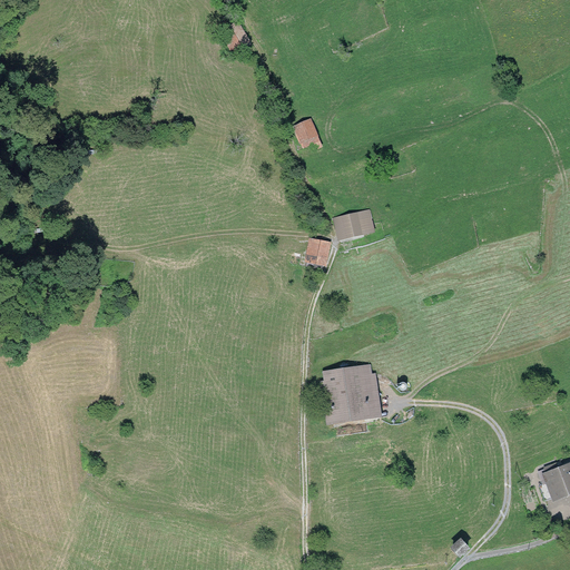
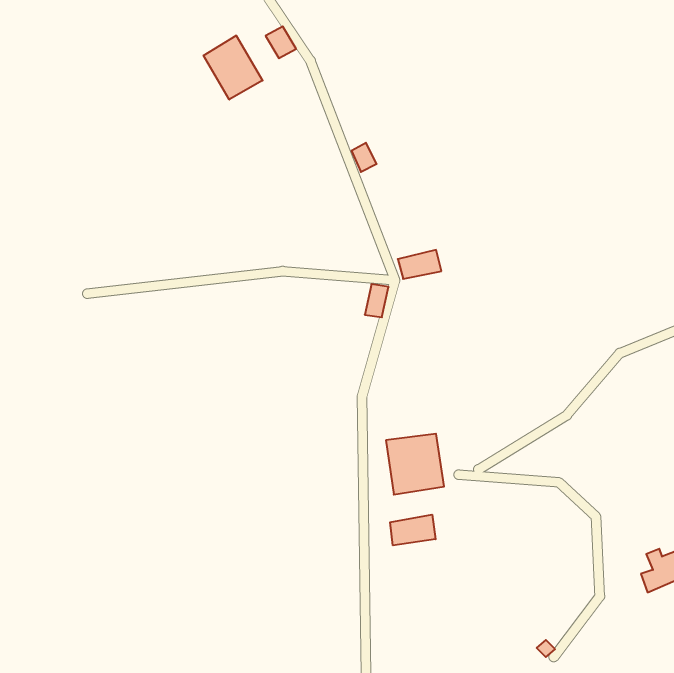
building: none -> [204,35,263,100]
building: none -> [390,515,436,545]

